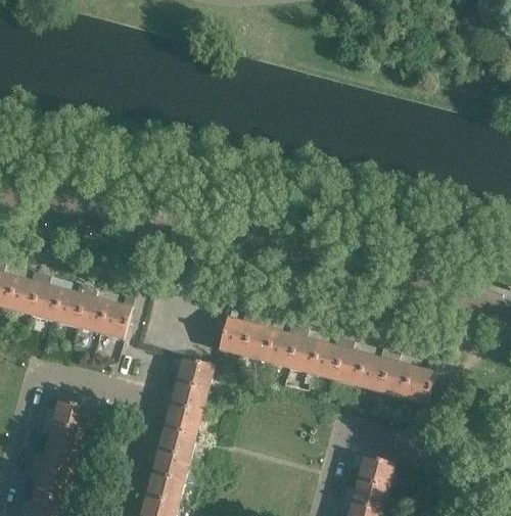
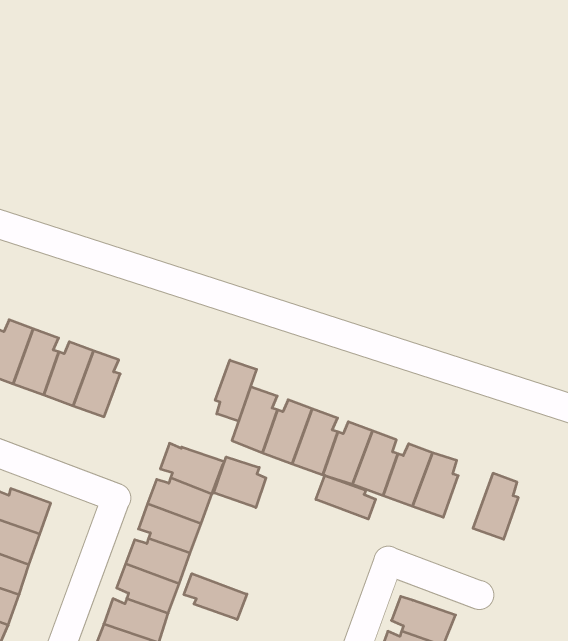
building: none -> [215,360,257,421]
building: [382,353,416,398] -> none
building: none -> [214,457,266,508]
building: none -> [316,475,376,519]
building: none -> [184,574,247,620]

